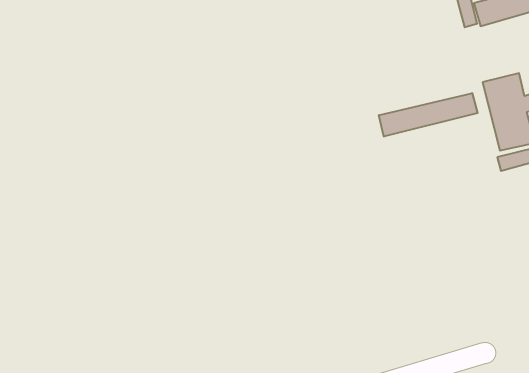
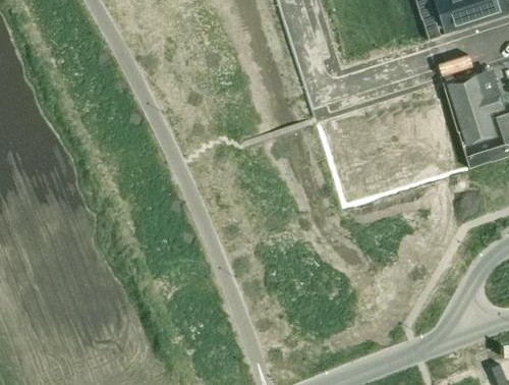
building: [379,93,478,137] -> none

